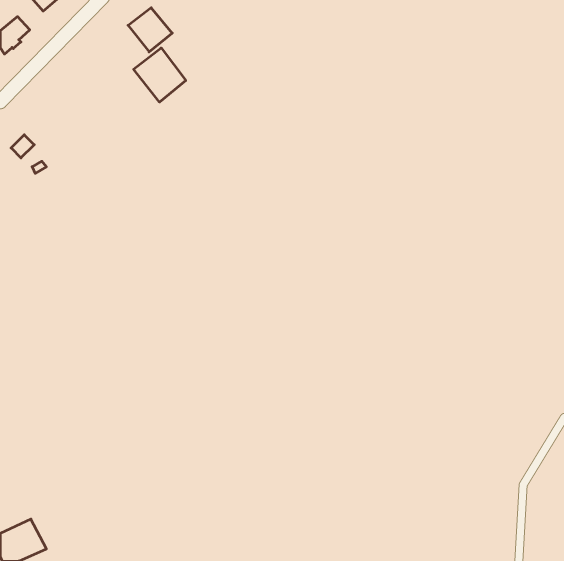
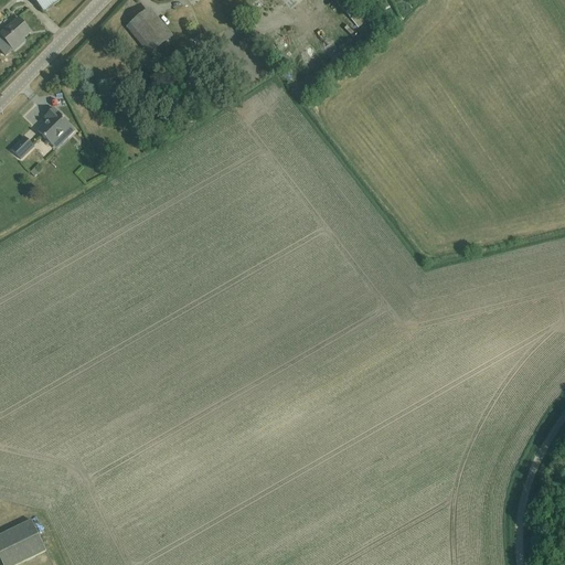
building: [134,48,186,102] -> none
building: none -> [38,106,75,143]

